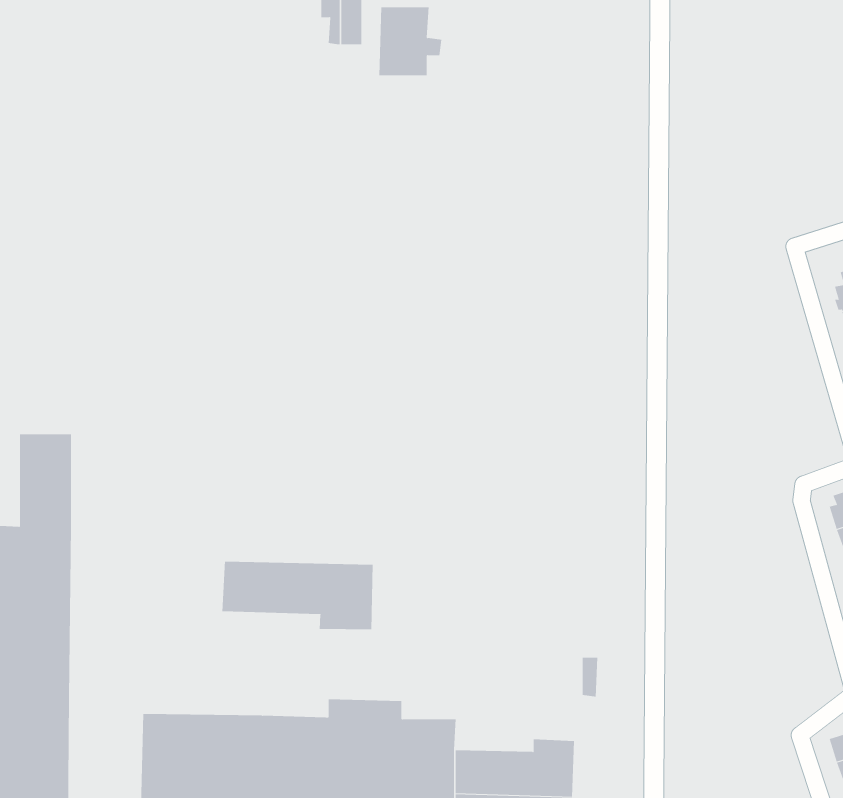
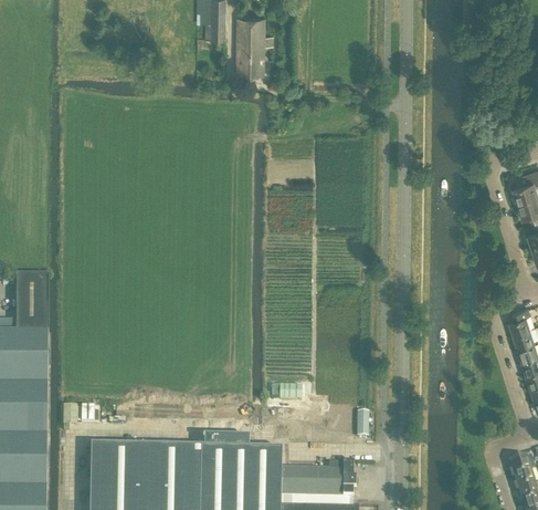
building: none -> [233,54,263,70]
building: [222,561,373,630] -> none

